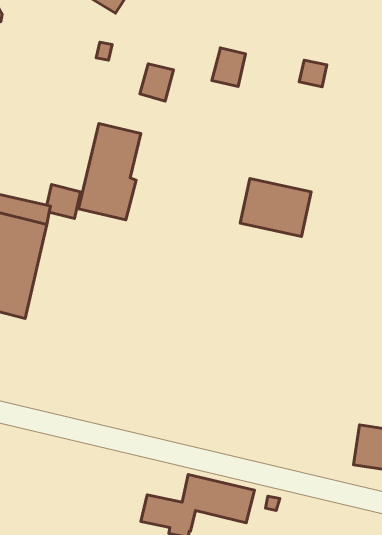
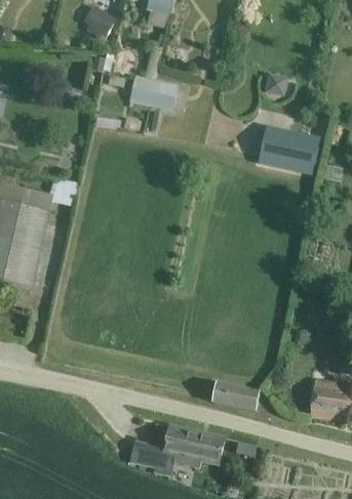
building: [212,48,246,87] -> [149,79,178,112]
building: [79,123,141,220] -> none
building: [240,178,311,236] -> [258,124,318,173]
building: none -> [209,382,258,411]

